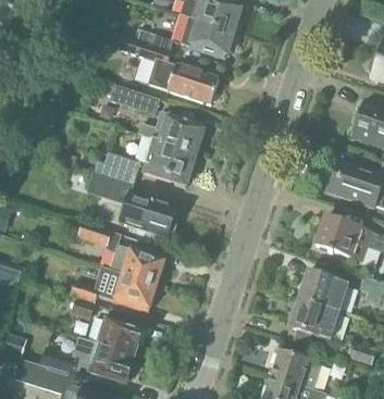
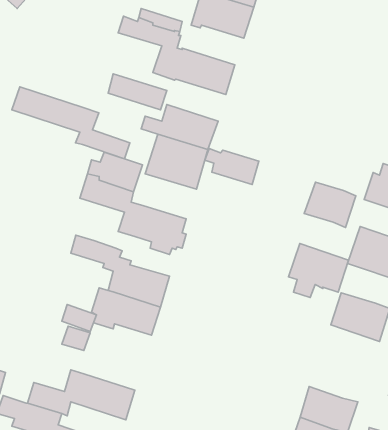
building: none -> [12,87,130,159]
building: none -> [205,148,259,184]
building: none -> [304,182,356,228]
building: [289,298,340,344] -> [288,244,349,297]
building: [89,316,140,353] -> none

